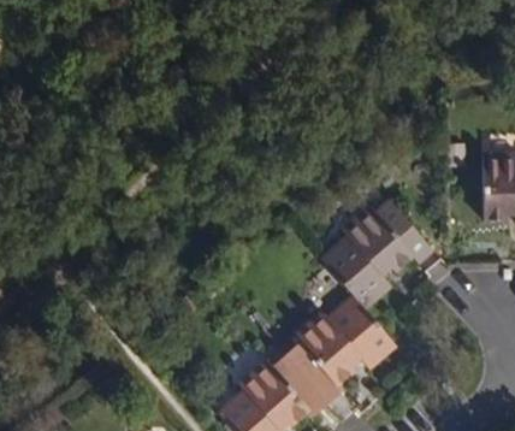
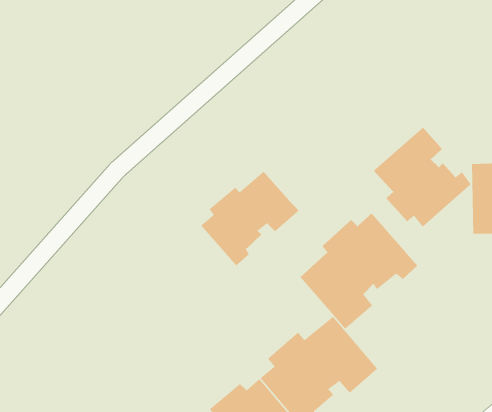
building: none -> [373,126,472,227]
building: none -> [200,171,299,266]

